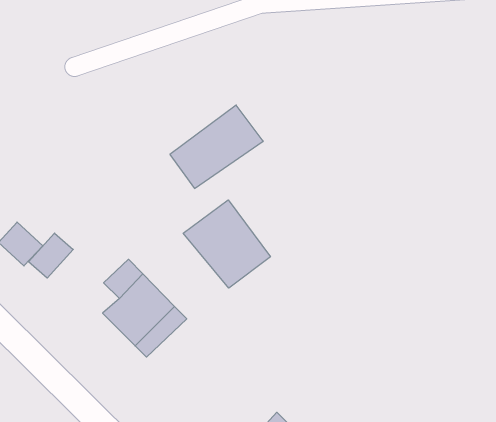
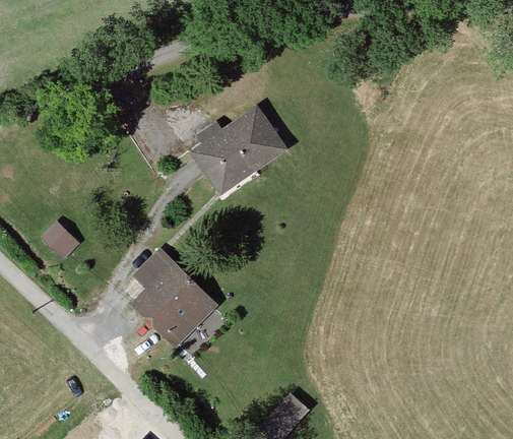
building: [183,200,270,288] -> none
building: [28,233,73,278] -> none

